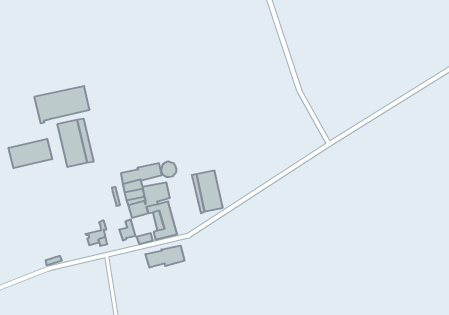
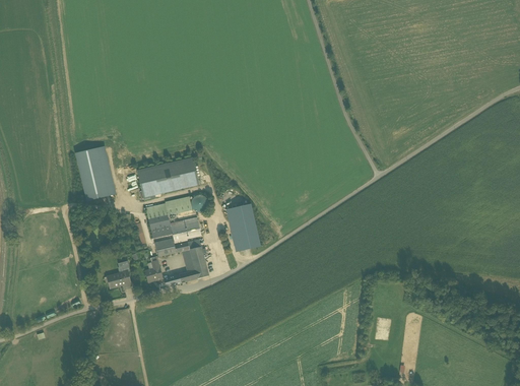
building: [34,86,90,123] -> [137,156,199,198]
building: [9,139,52,168] -> none
building: [145,246,184,268] -> none

